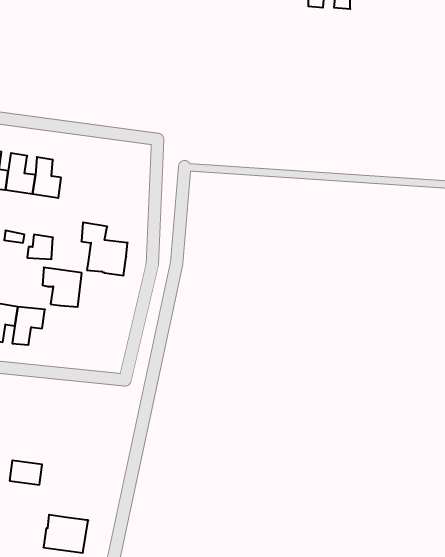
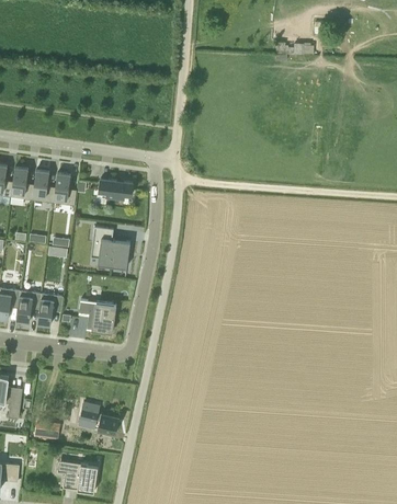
building: none -> [98,179,132,201]
building: [42,267,82,307] -> [83,300,115,332]
building: none -> [78,403,117,433]

